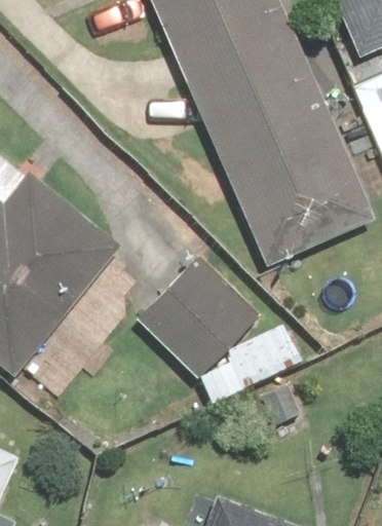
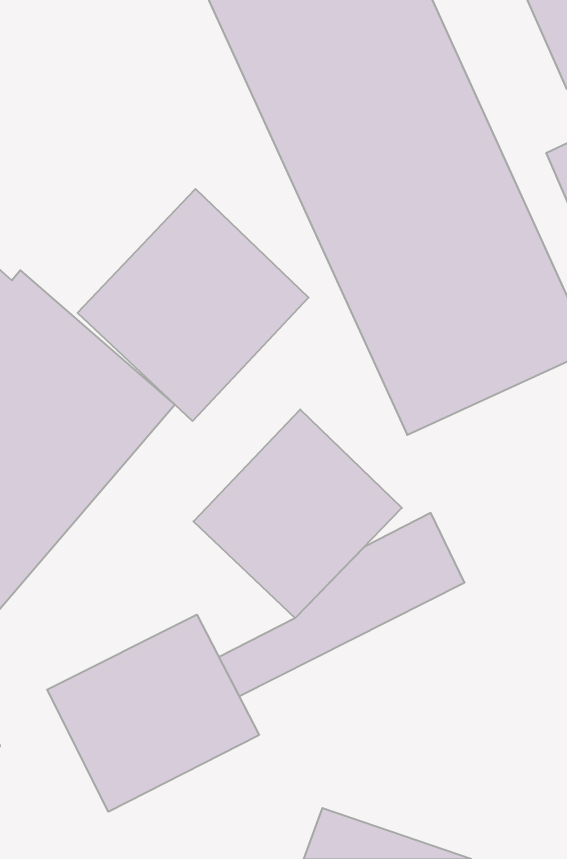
building: none -> [78,189,309,421]
building: none -> [47,615,259,812]

